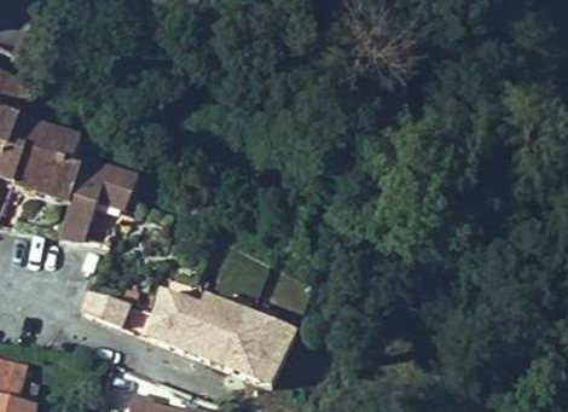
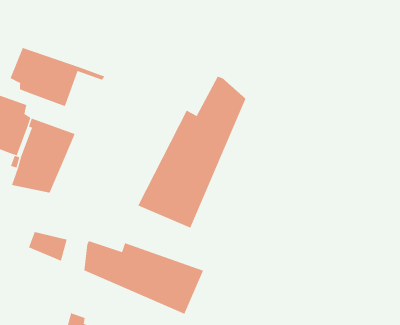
building: none -> [10,47,105,107]
building: none -> [138,76,246,229]

